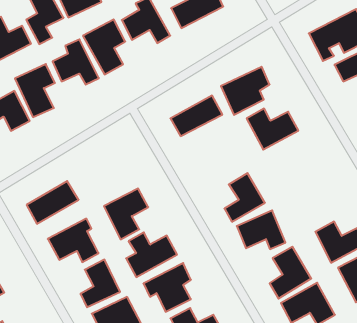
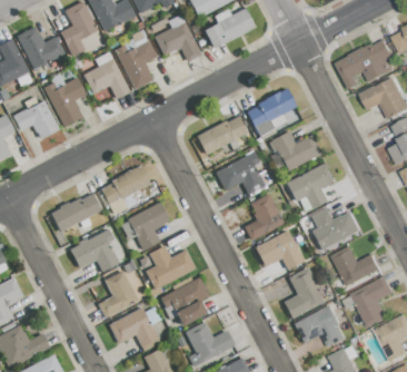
building: none -> [215,155,265,195]
building: none -> [288,164,335,213]
building: none -> [99,168,149,204]
building: none -> [306,209,360,251]

